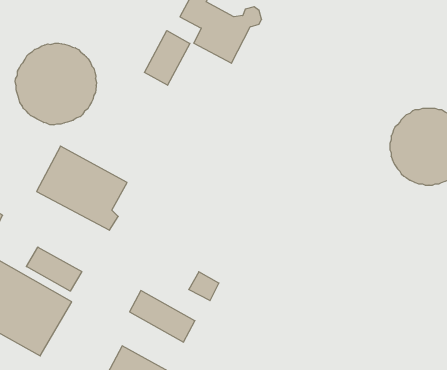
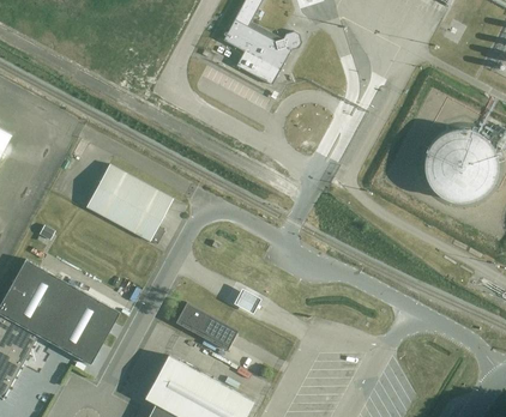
building: [144,31,190,85] -> none
building: [15,43,97,125] -> none
building: [26,247,82,291] -> none

